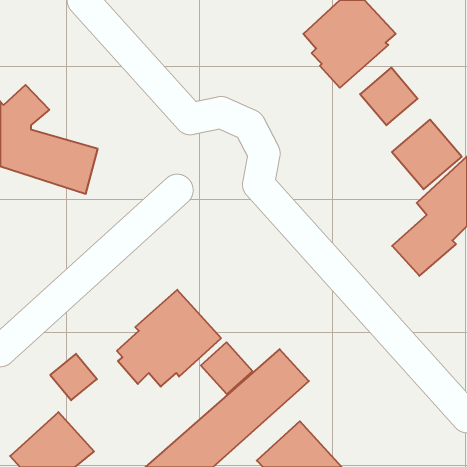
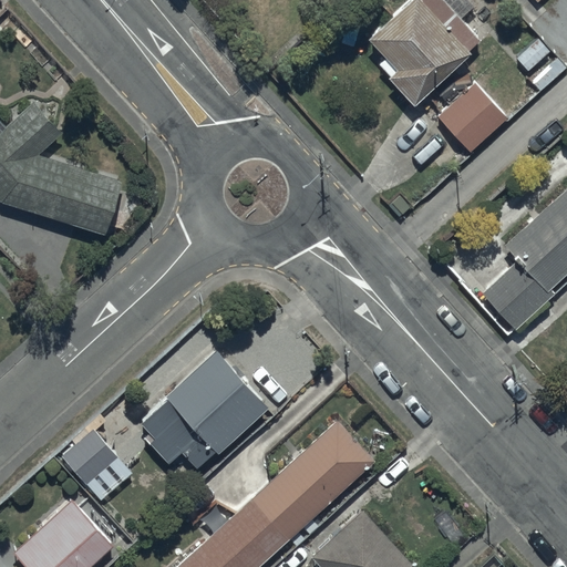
building: [392,120,462,189] -> none
building: [201,342,252,394] -> none

